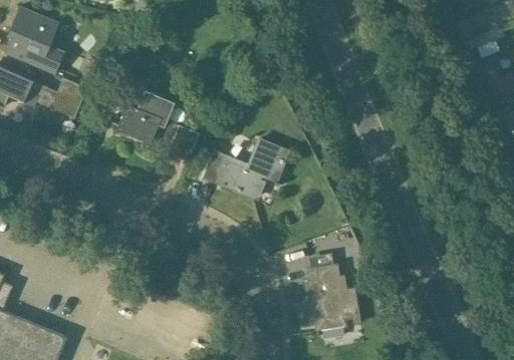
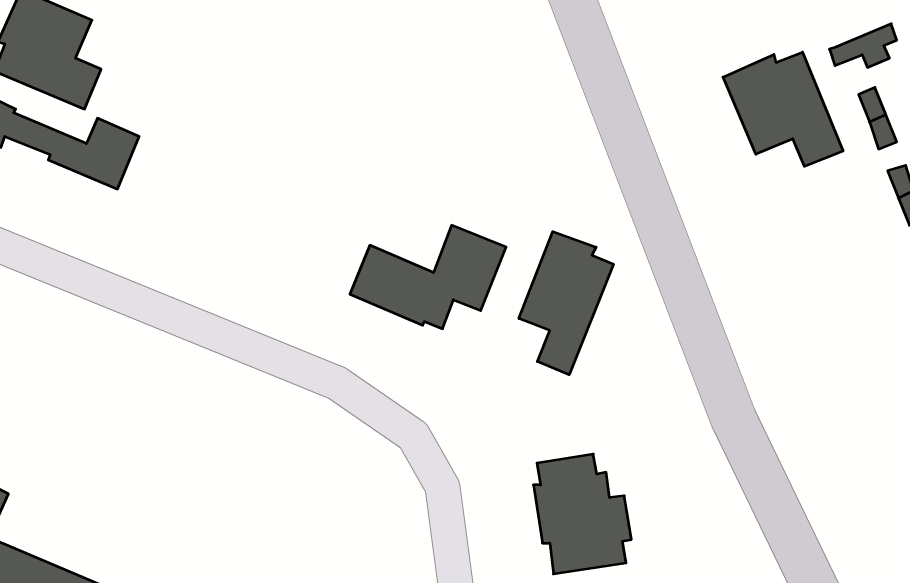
building: none -> [723,52,843,166]
building: [116,90,199,161] -> none
building: none -> [519,232,613,375]

